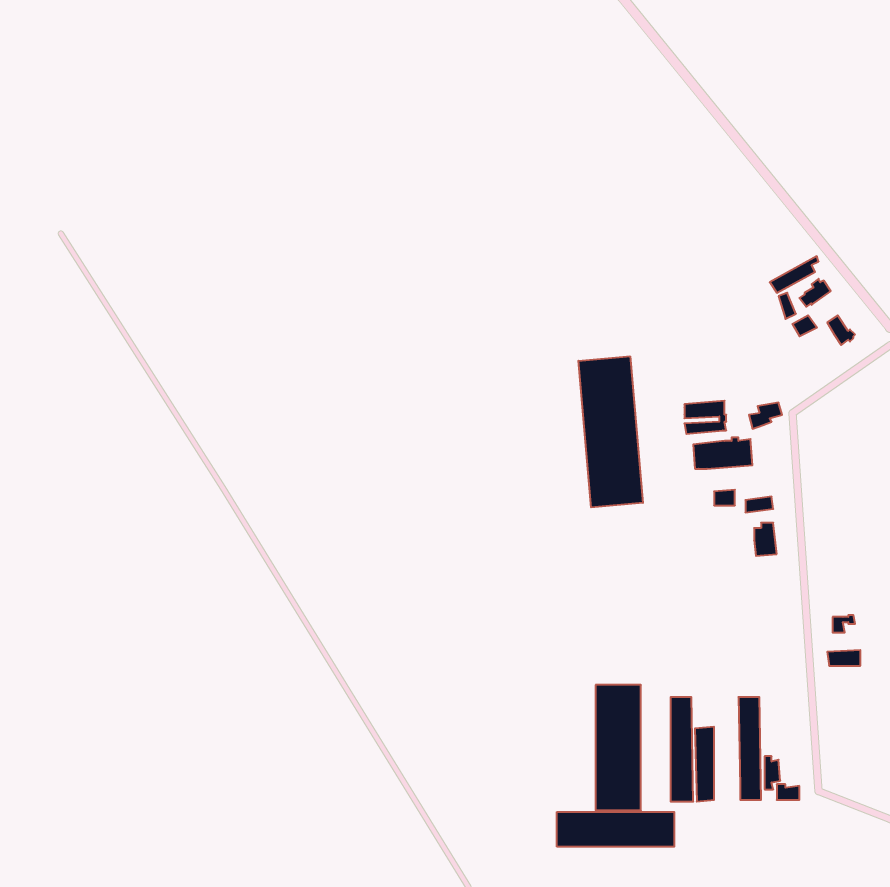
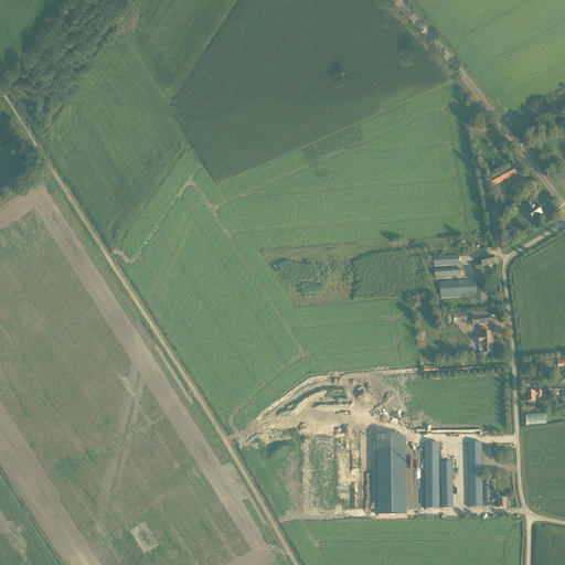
building: [578,356,643,507] -> none
building: [557,812,674,847] -> none

